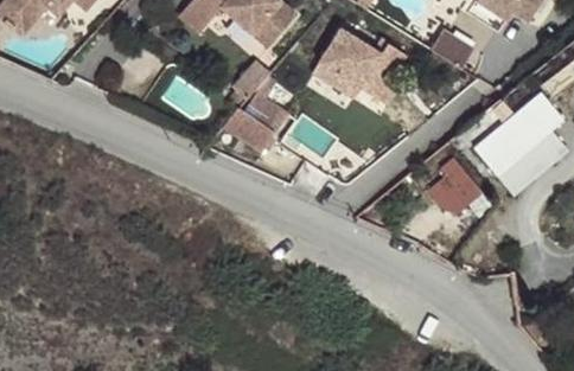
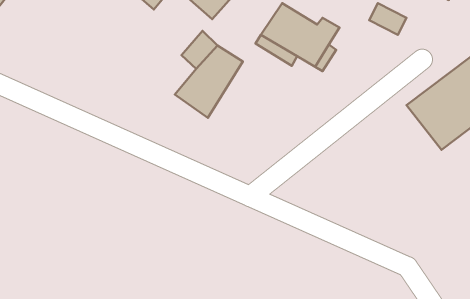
building: [425,166,481,222] -> none

